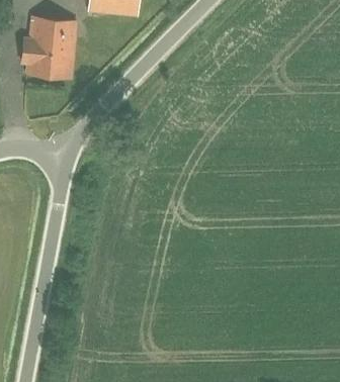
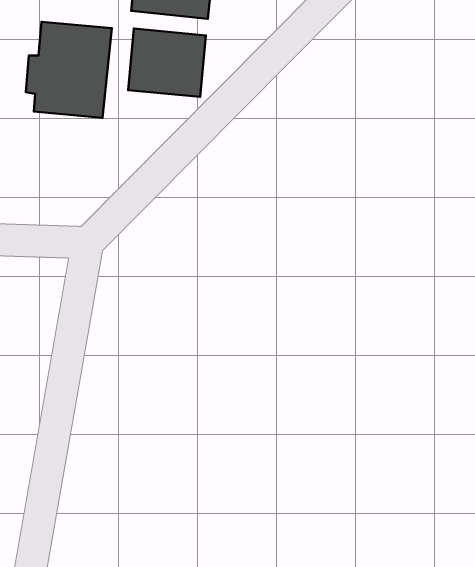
building: none -> [128,29,206,97]

